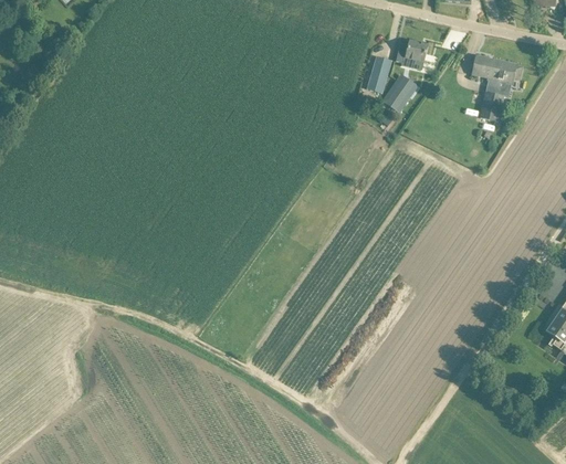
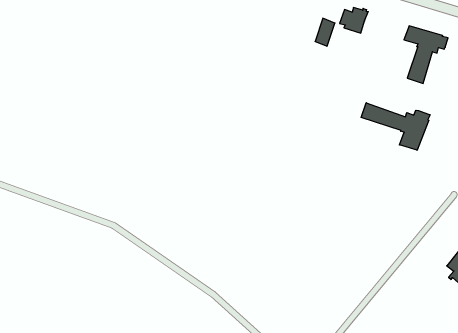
building: [379,74,418,116] -> none
building: none -> [361,103,430,150]

